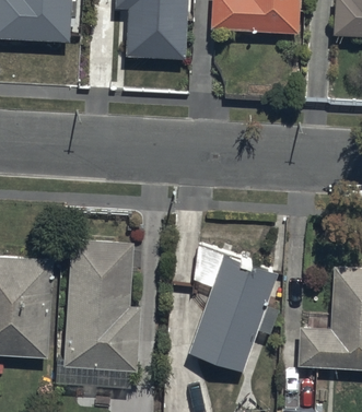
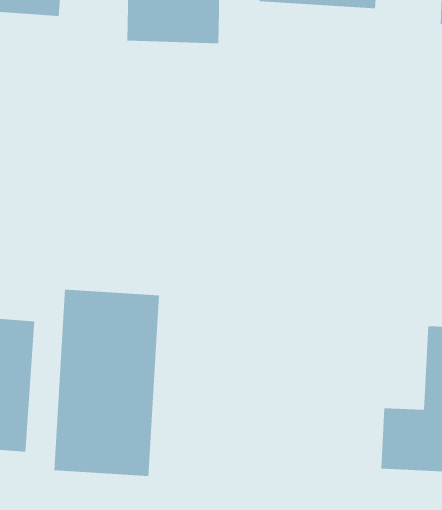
building: [188,247,277,370] -> none

